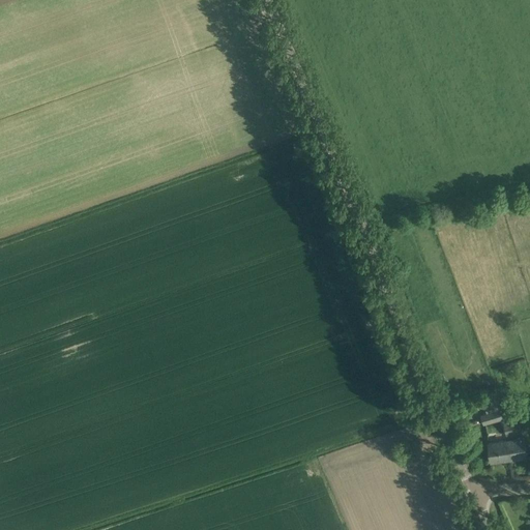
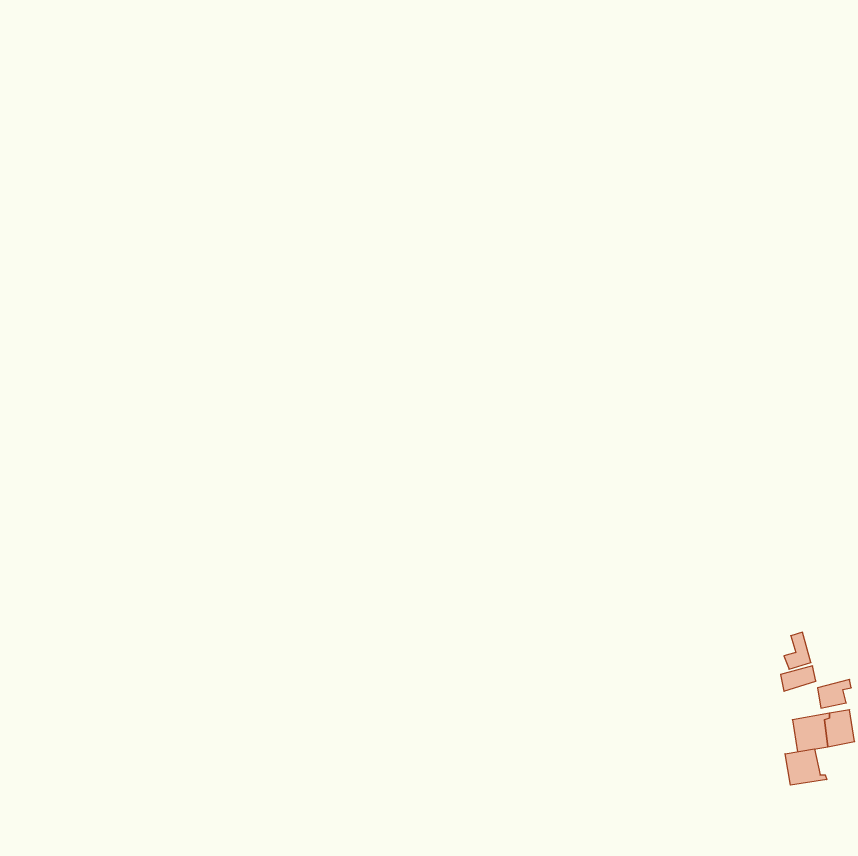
building: none -> [785,749,827,785]

